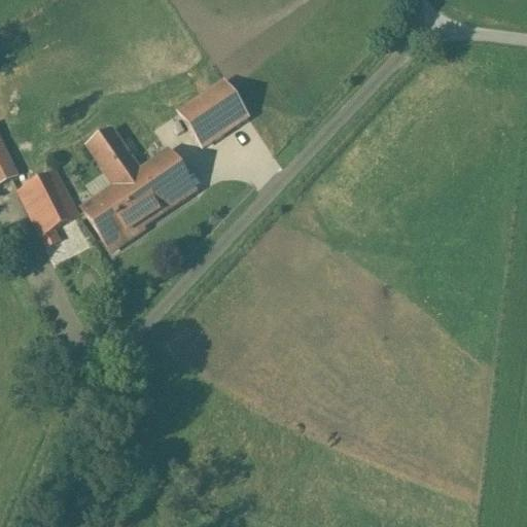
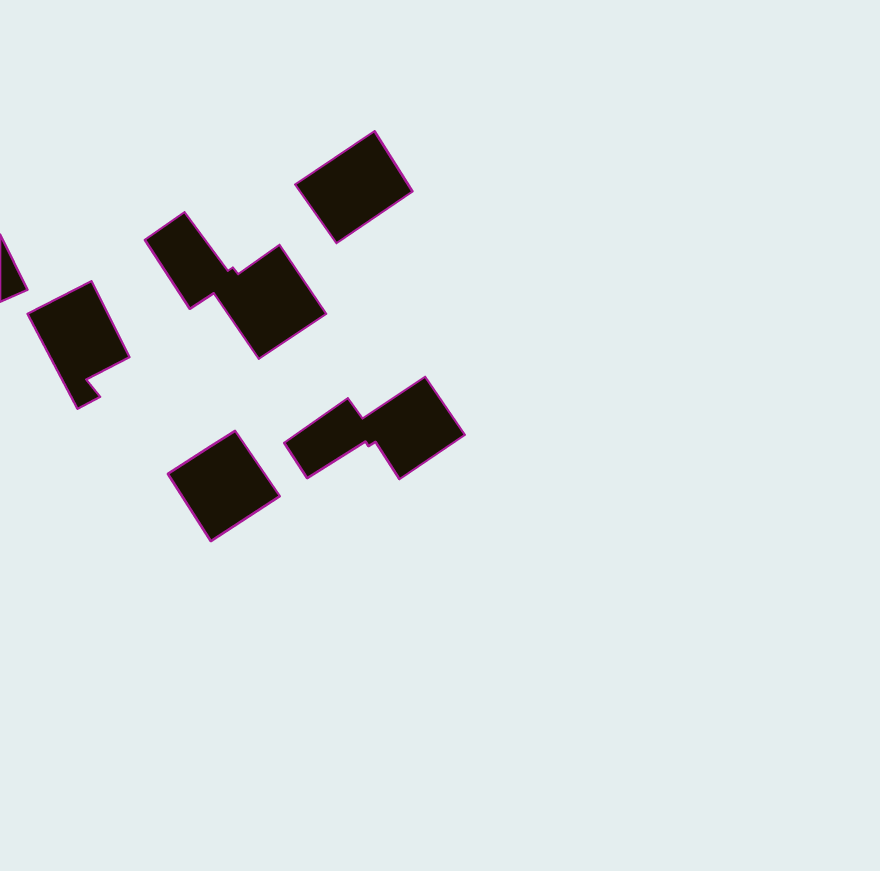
building: [89,175,155,241] -> [168,431,280,541]
building: none -> [284,377,465,479]

